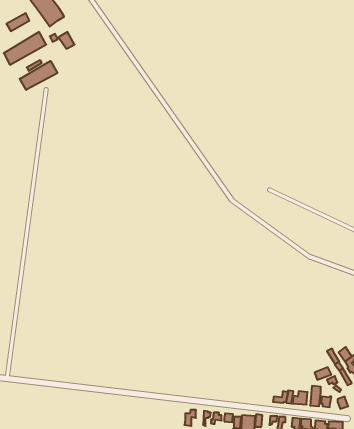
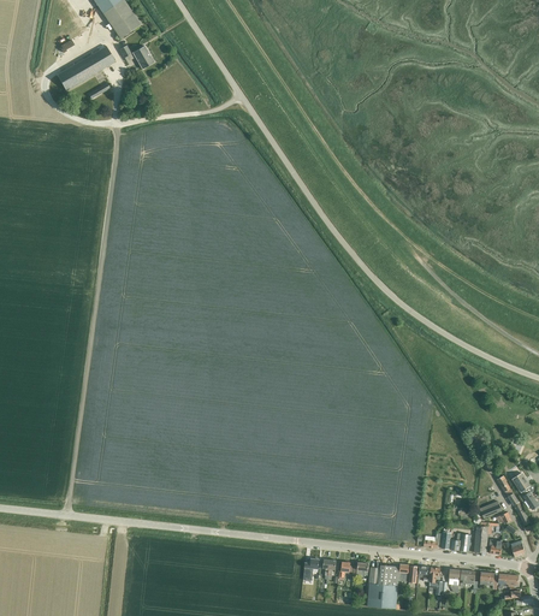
building: [20,61,57,90] -> none

